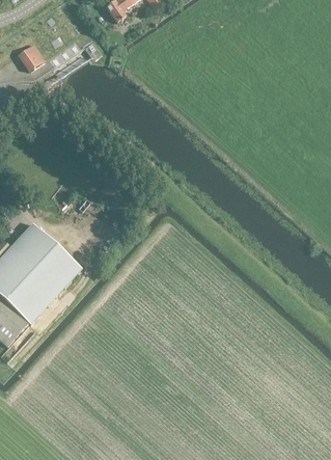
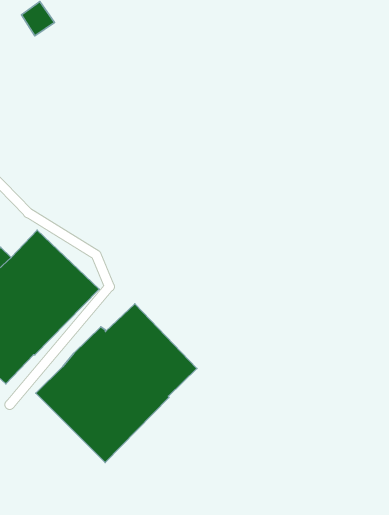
building: none -> [36,304,197,462]

